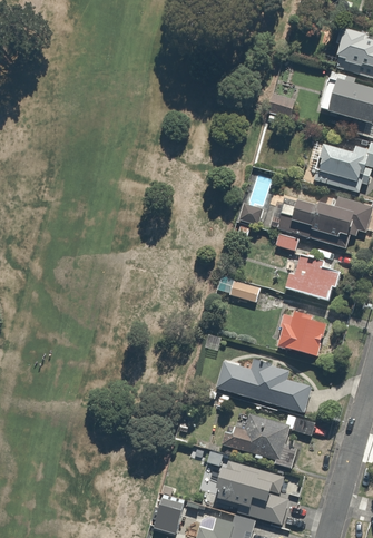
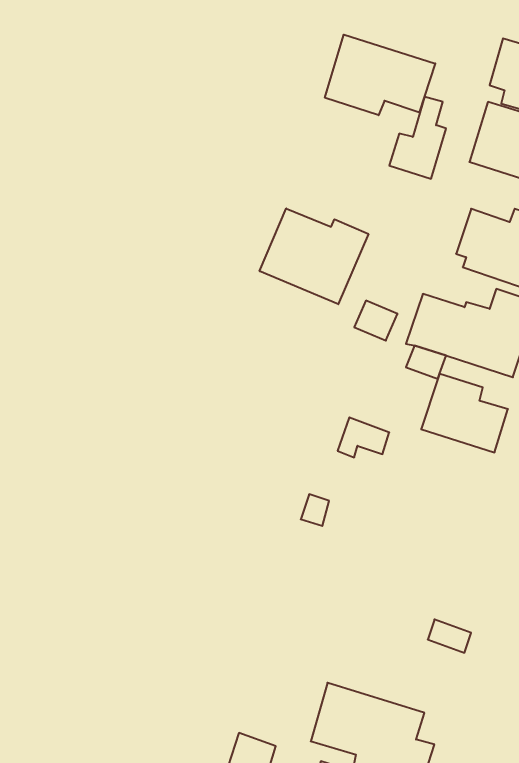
building: none -> [325,35,435,115]
building: none -> [260,208,368,304]
building: [276,304,332,358] -> none
building: [214,360,316,414] -> none
building: [217,413,295,469] -> none

